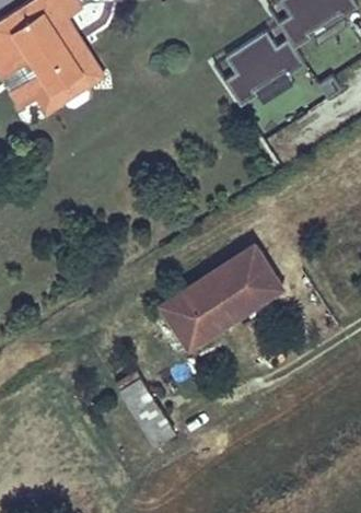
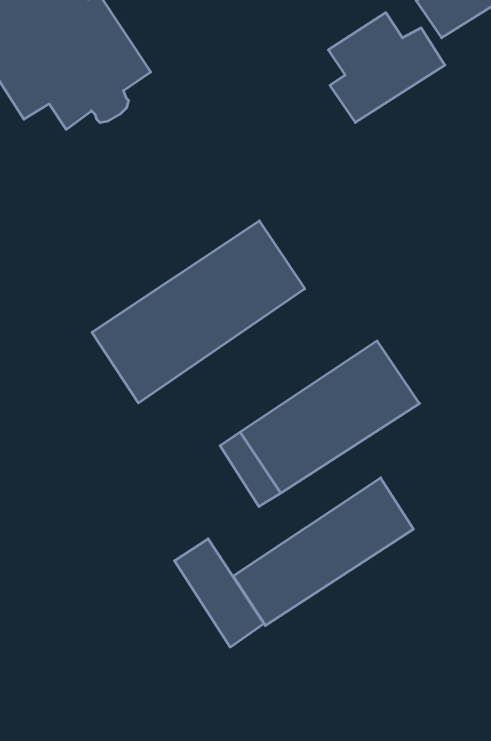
building: none -> [92,221,305,403]
building: none -> [233,478,413,626]

